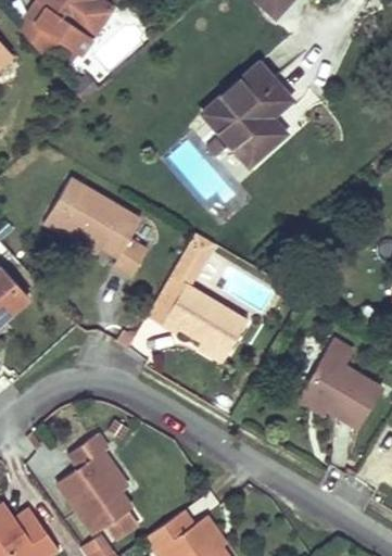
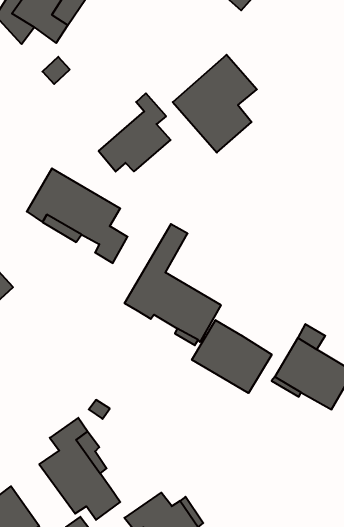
building: none -> [99,93,171,172]
building: none -> [192,320,272,393]

